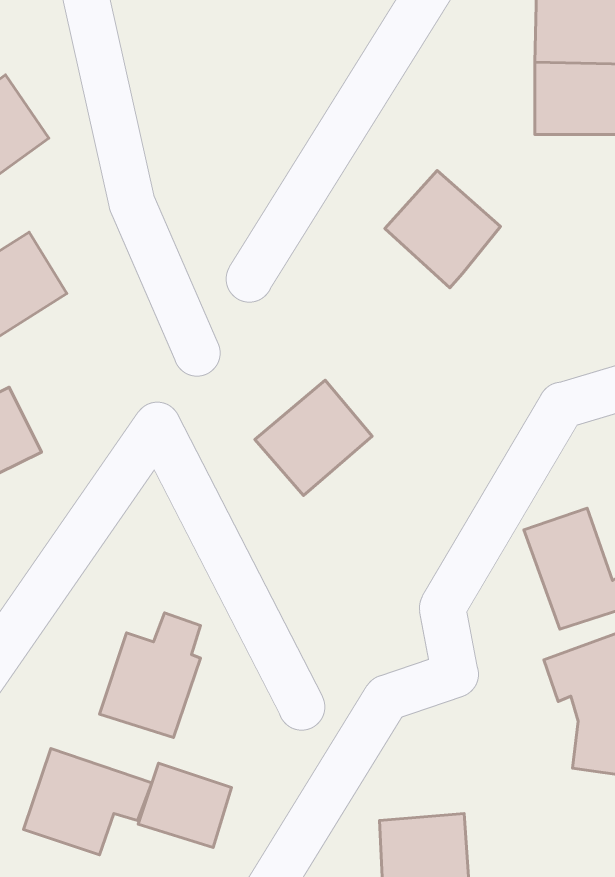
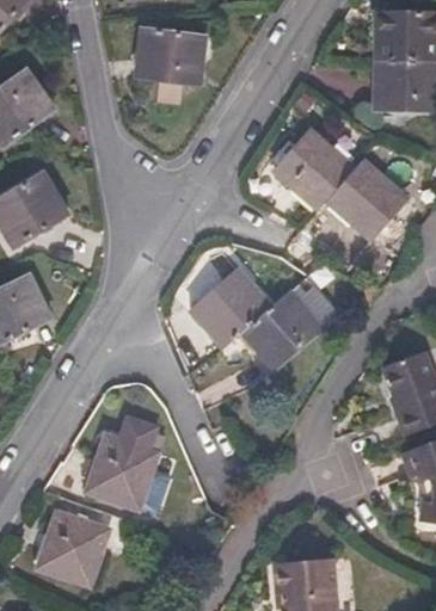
building: none -> [141,26,207,84]
building: none -> [330,160,406,236]
building: none -> [244,289,323,368]
building: [138,763,232,847] -> none

